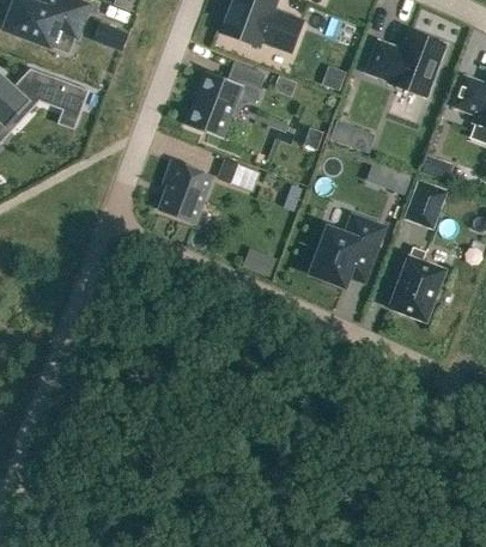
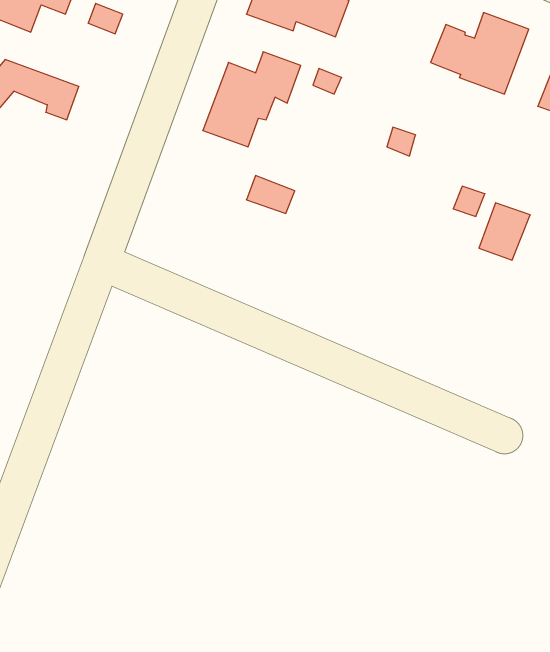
building: [159,160,211,223] -> none
building: [310,215,383,288] -> none
building: [388,247,444,321] -> none

